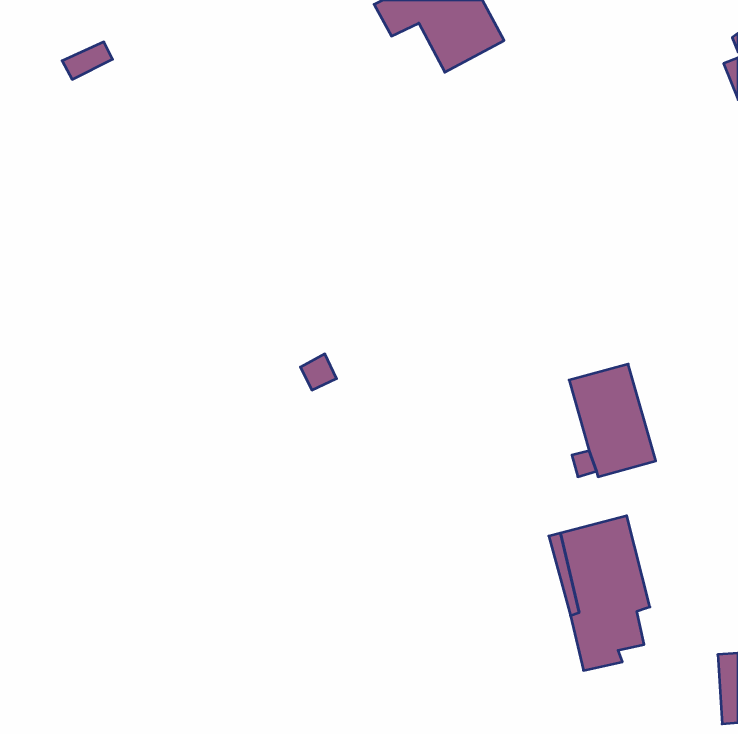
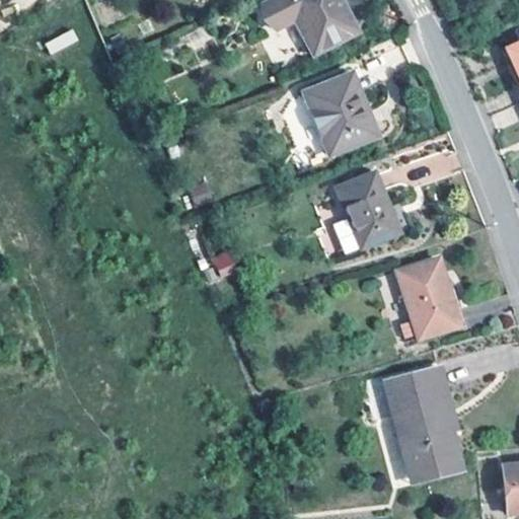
building: none -> [305,72,376,152]
building: none -> [338,171,400,247]
building: none -> [410,430,463,483]

